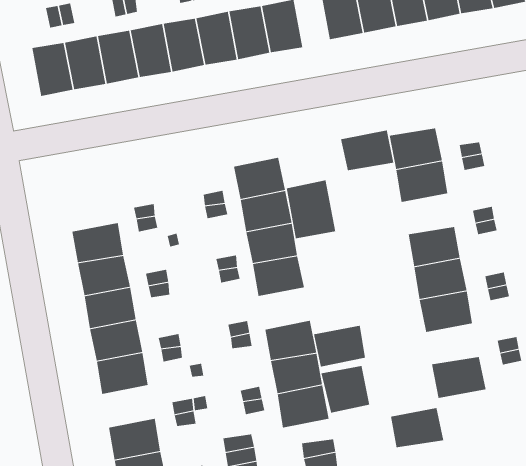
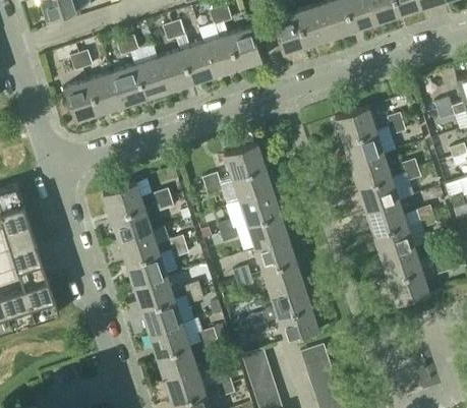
building: [340,130,394,171] -> [349,154,391,187]
building: [286,180,336,239] -> none
building: none -> [103,183,144,218]
building: [313,325,366,367] -> [253,236,294,271]
building: [321,365,370,414] -> none
building: none -> [149,323,190,357]
building: [390,407,444,448] -> [380,246,421,280]

